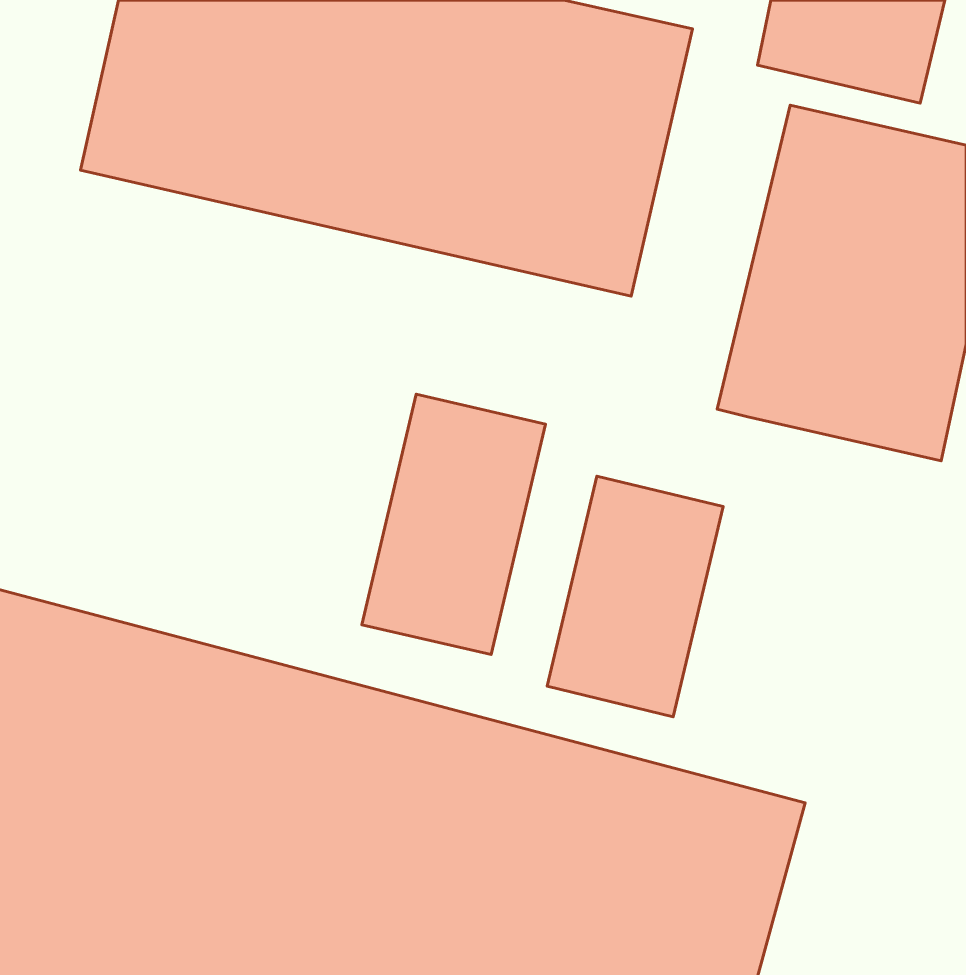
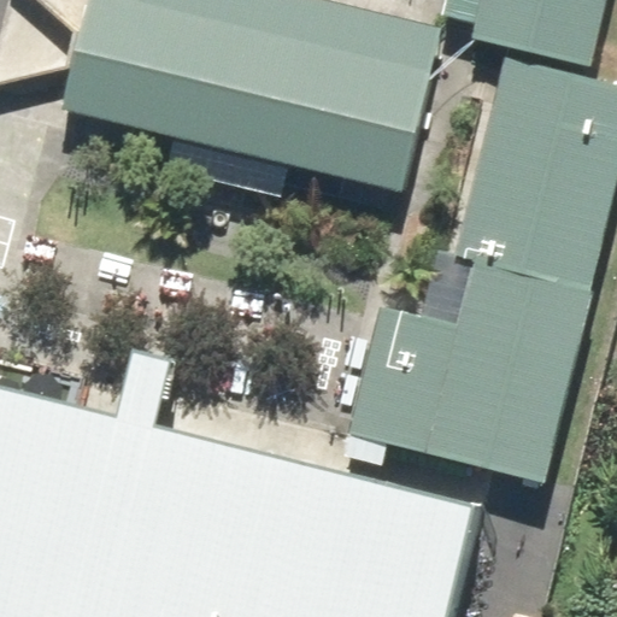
building: [362,394,545,654] -> none
building: none -> [424,264,593,482]

